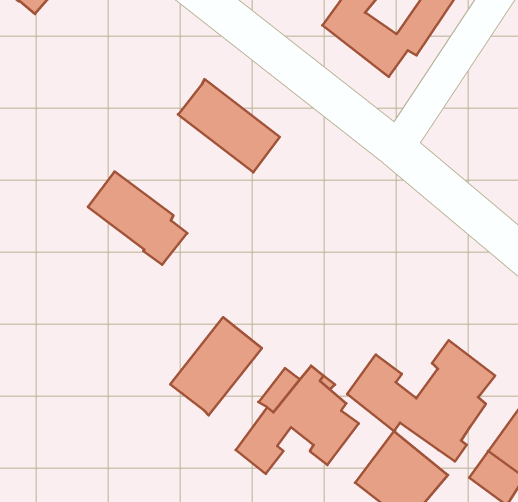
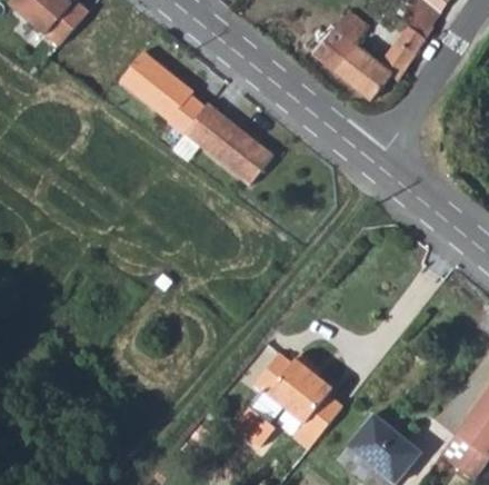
building: [88,172,187,265] -> [118,51,206,133]
building: [170,317,262,415] -> none
building: [347,340,495,461] -> none

